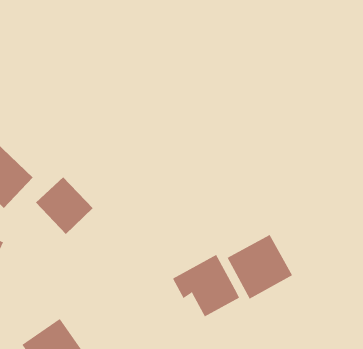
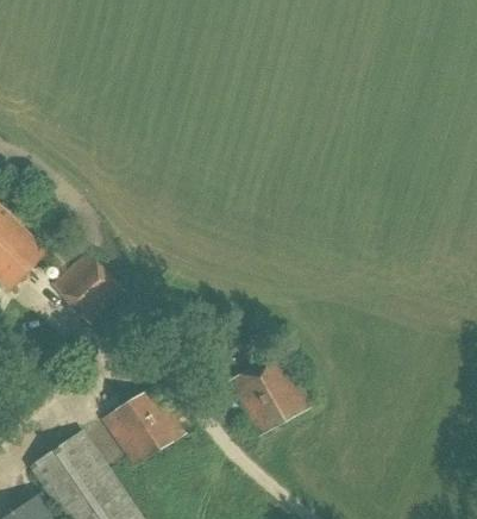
building: [227,234,293,300] -> none
building: none -> [100,387,181,465]

